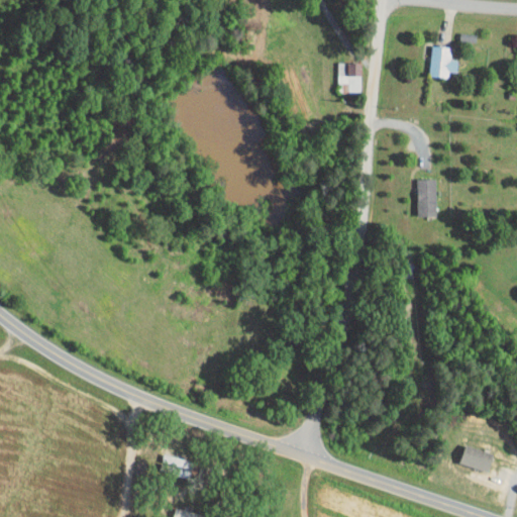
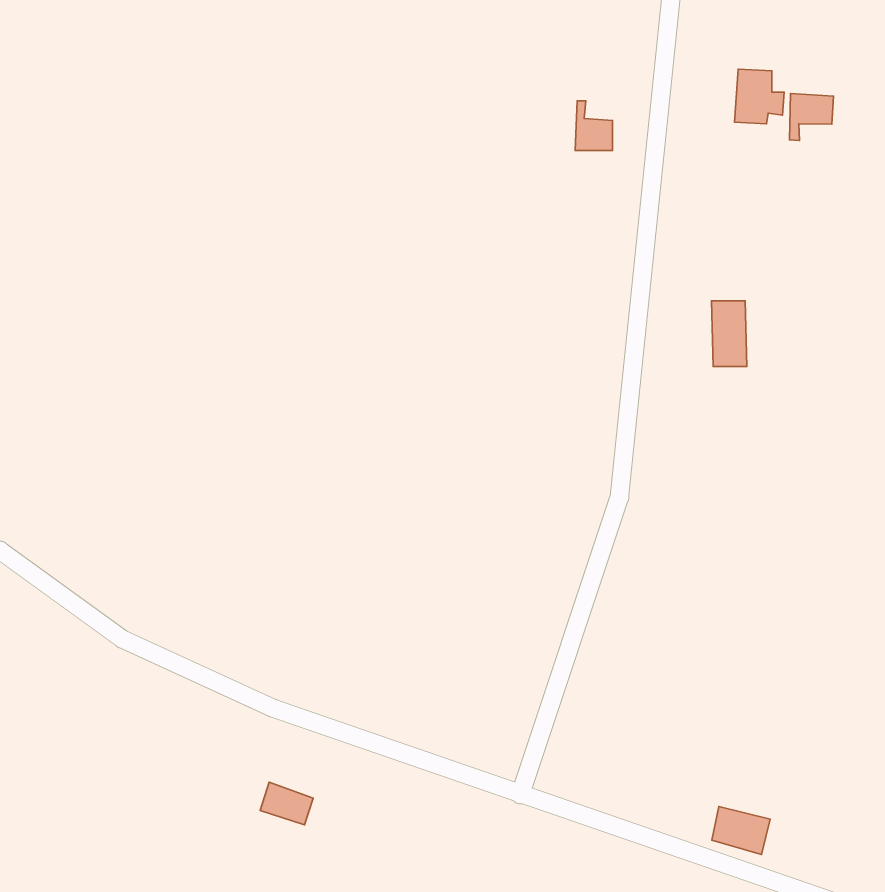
building: none -> [789,93,834,140]
building: [461,445,495,473] -> [712,807,770,854]

